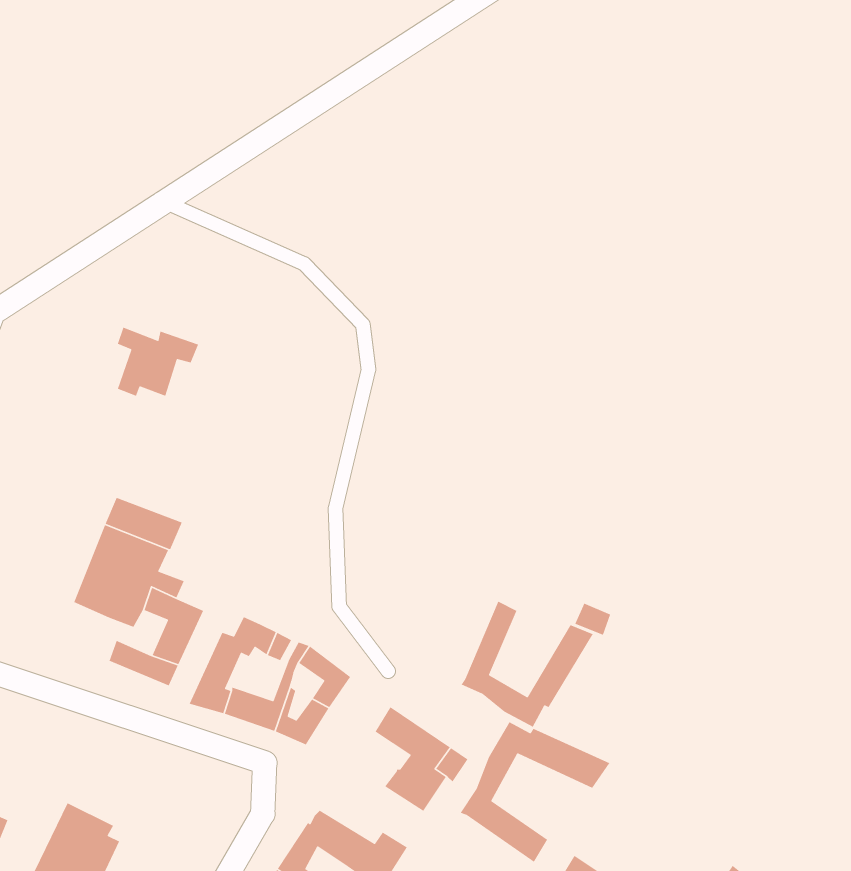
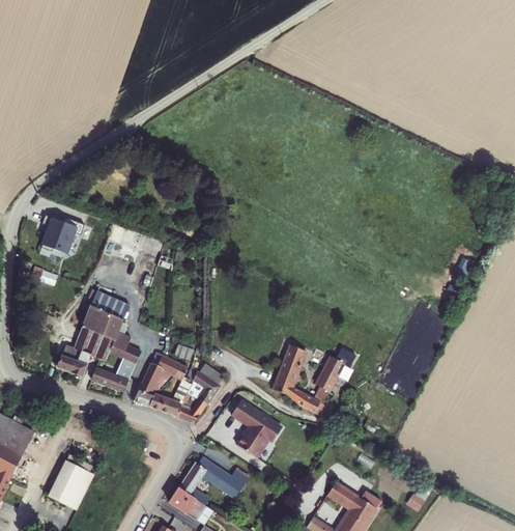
building: [117,326,199,397] -> [44,214,87,251]
building: none -> [55,343,89,374]
building: [460,721,610,863] -> none

